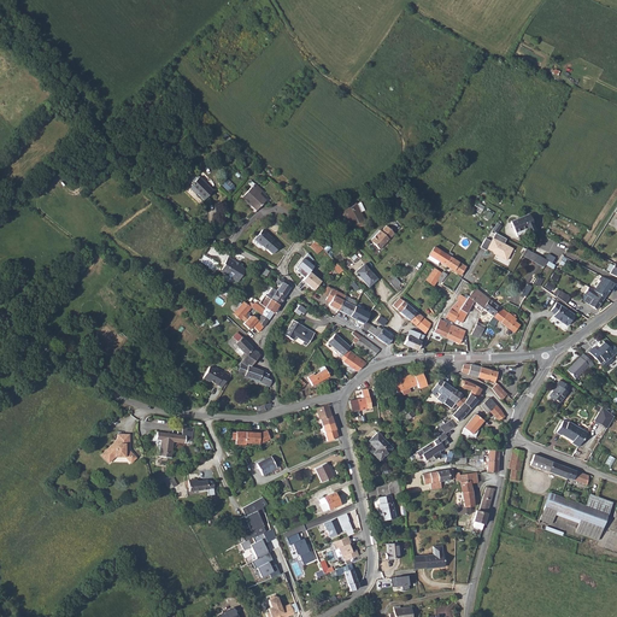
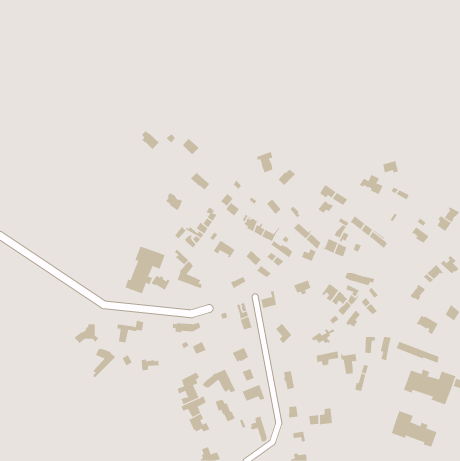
building: none -> [125,246,165,294]
building: none -> [92,348,116,378]
building: none -> [202,369,236,393]
building: none -> [391,410,437,448]

